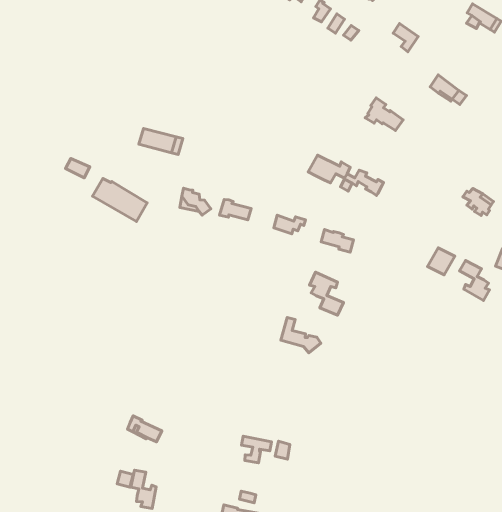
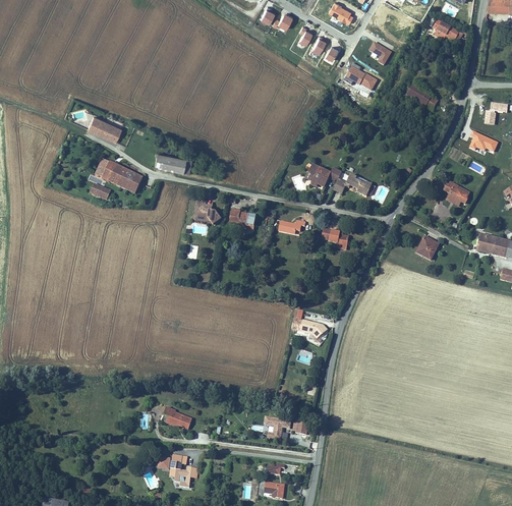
building: none -> [87,115,120,142]
building: [365,98,403,131] -> [344,62,378,90]
building: [92,178,147,221] -> [94,158,143,193]
building: [459,260,490,301] -> none
building: [310,272,344,315] -> none

